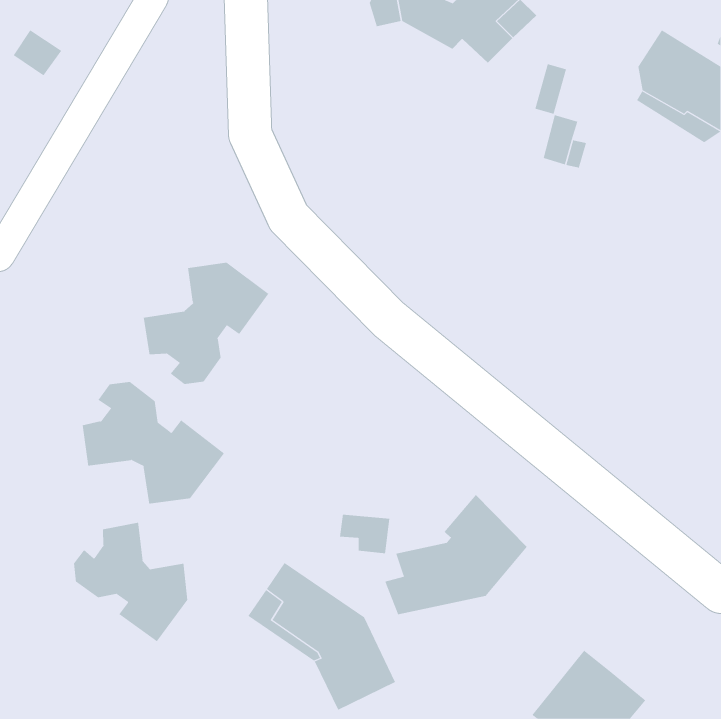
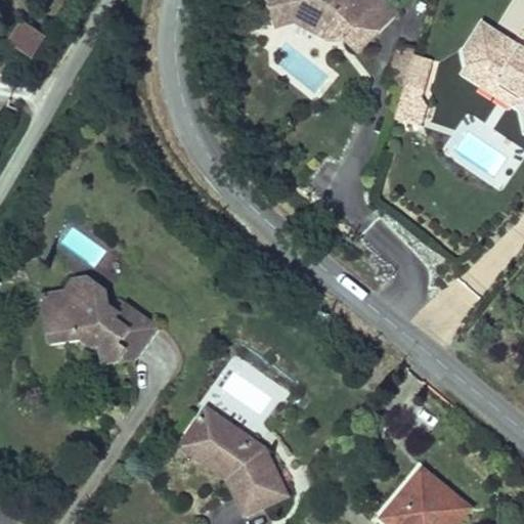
building: [143,262,269,385] -> none
building: none -> [47,290,103,346]
building: [385,494,527,615] -> none
building: [73,522,188,642] -> none

